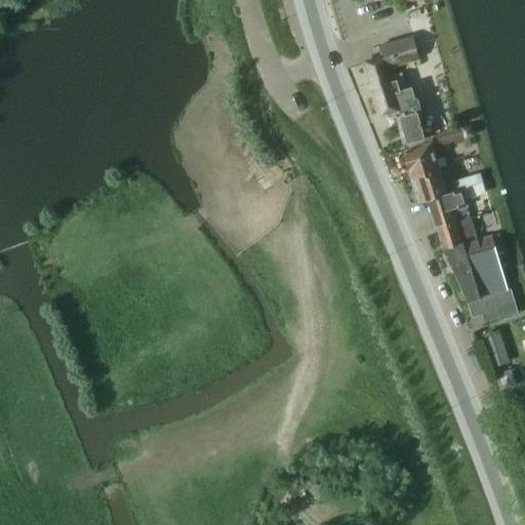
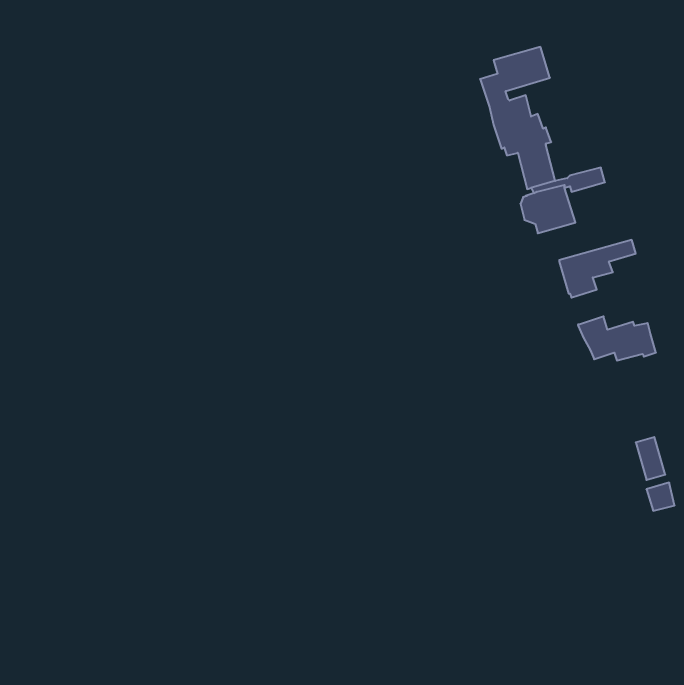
building: [412,170,484,202] -> none
building: [438,218,496,252] -> none
building: [455,270,509,317] -> none

